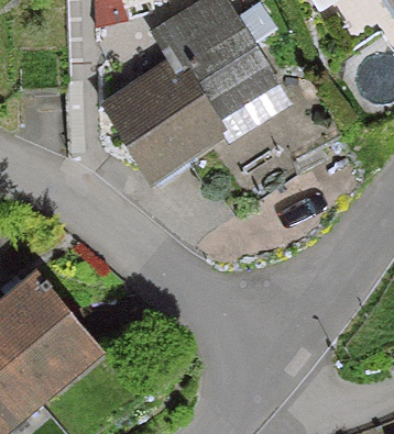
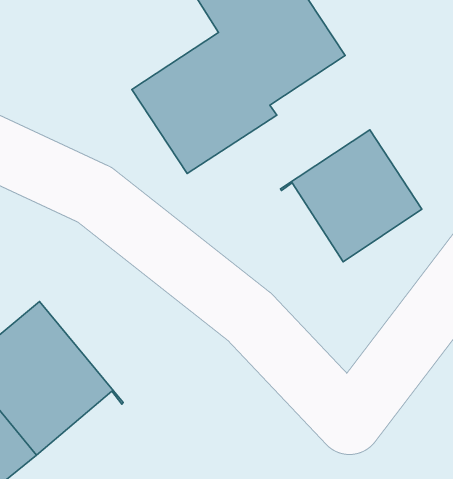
building: none -> [280,130,422,262]

